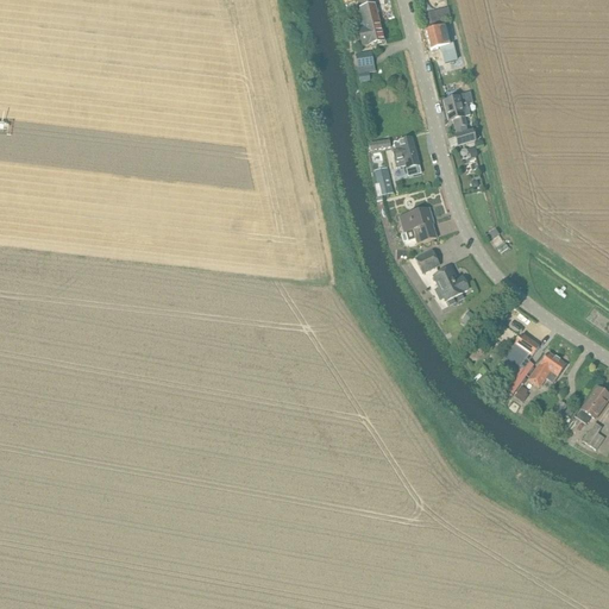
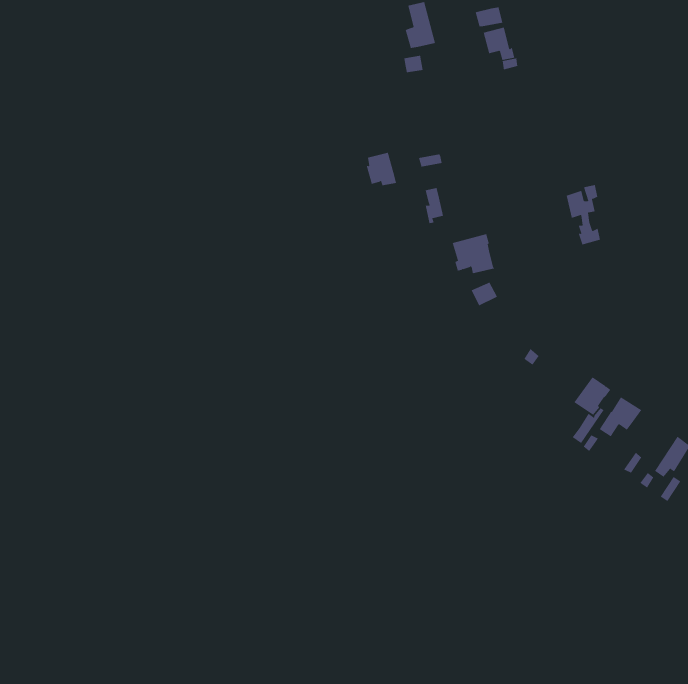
building: [445,89,476,143] -> [566,185,601,245]
building: [393,136,420,165] -> [366,152,397,186]
building: [434,264,470,299] -> none

